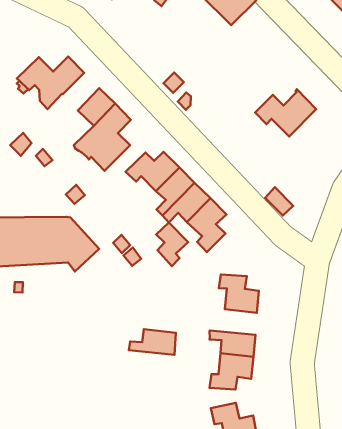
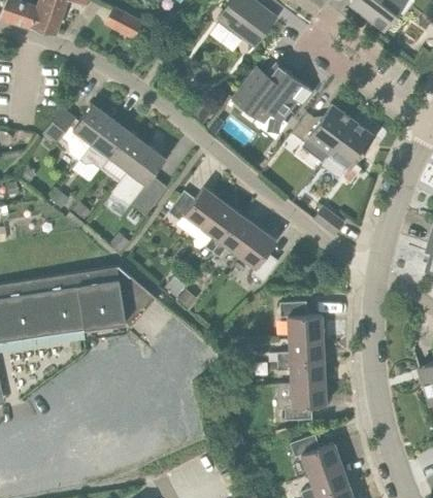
building: none -> [232,67,313,124]
building: none -> [79,119,129,170]
building: none -> [330,122,377,185]
building: [156,222,188,266] -> none
building: [129,329,176,355] -> [277,338,325,363]

